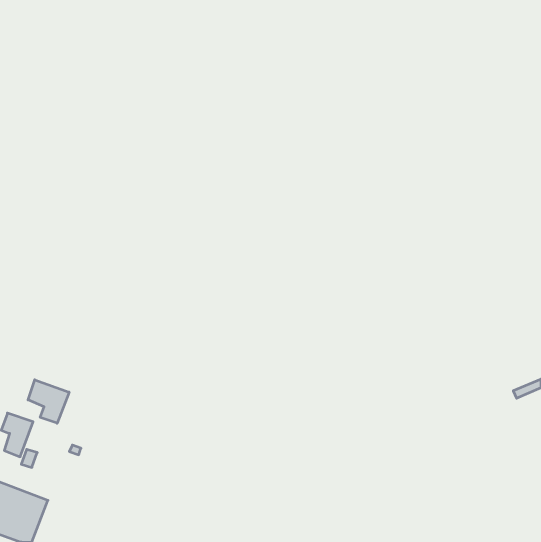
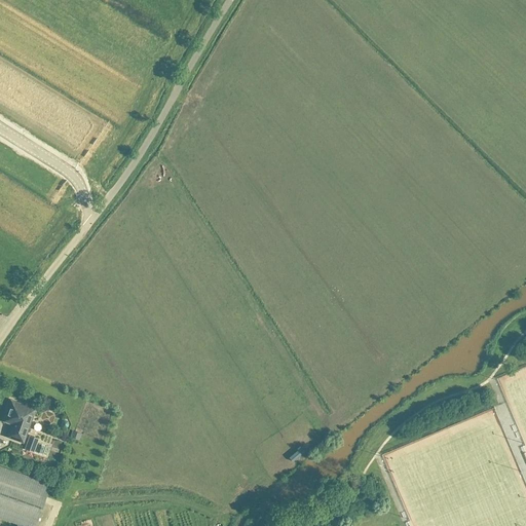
building: [28,380,69,423] -> none

